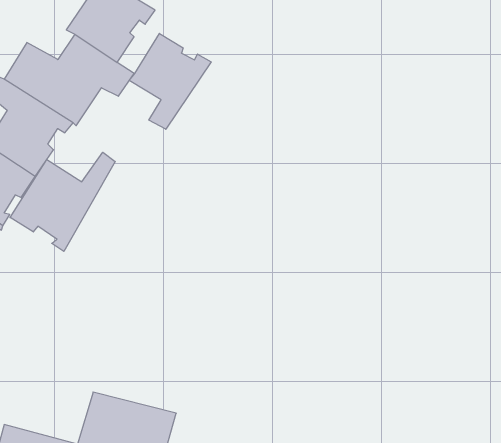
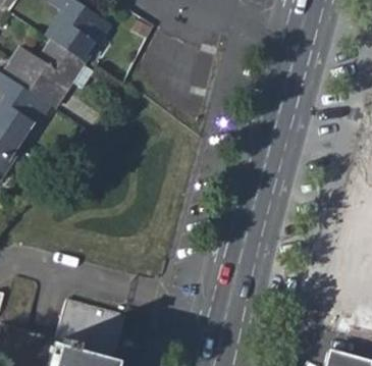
building: [129,33,211,129] -> none
building: [10,152,115,251] -> none

